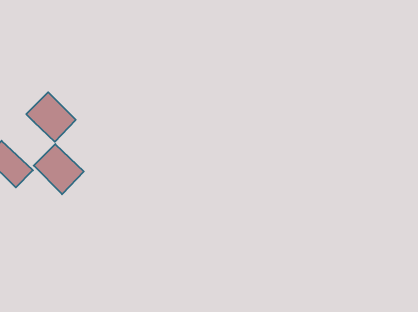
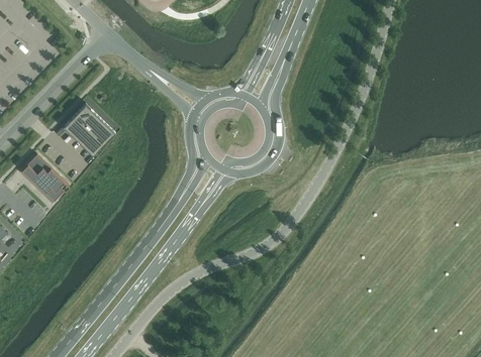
building: [34,144,84,194] -> none

